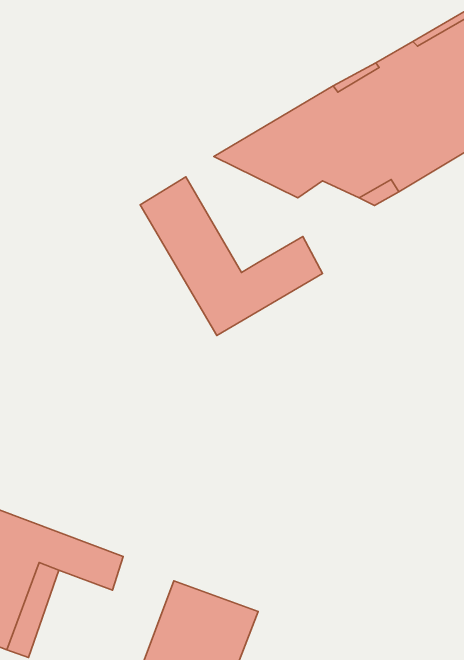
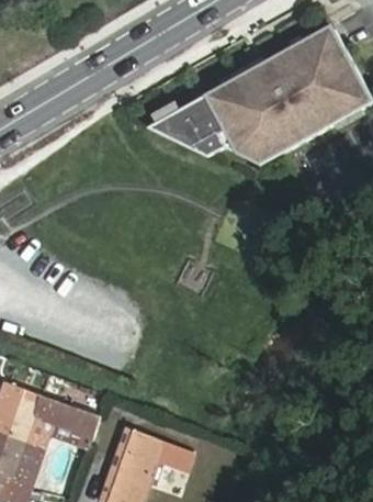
building: [140,177,323,336] -> none

